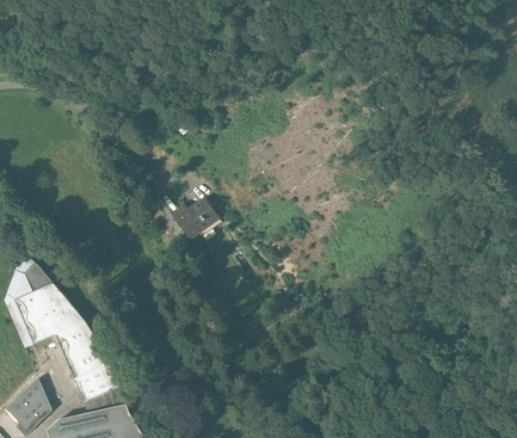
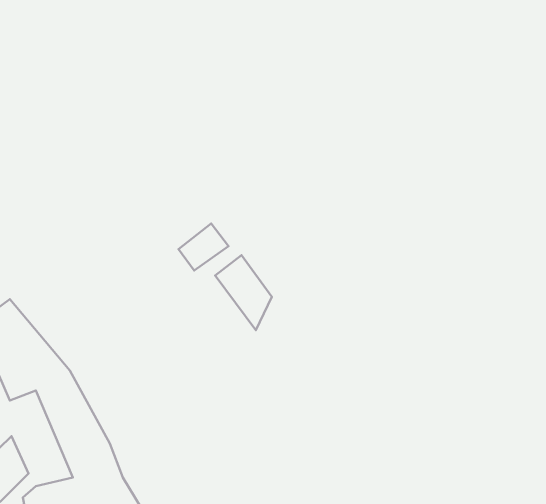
building: none -> [215,255,272,330]

